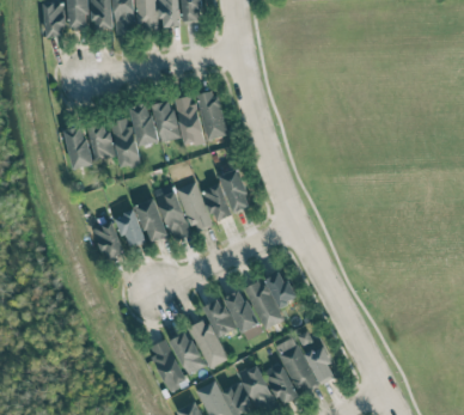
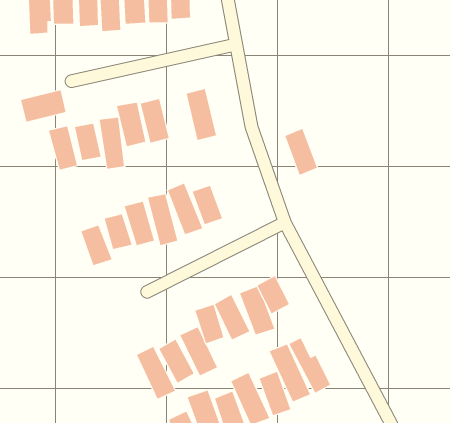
building: none -> [21,90,66,123]
building: [175,94,203,146] -> none
building: [219,167,251,213] -> [284,128,318,175]

